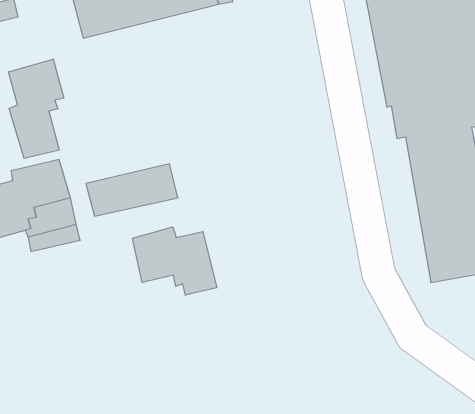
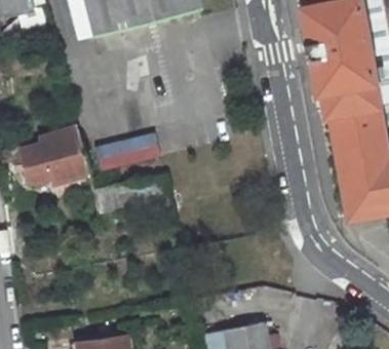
building: [9,59,64,158] -> none
building: [132,227,217,295] -> none

